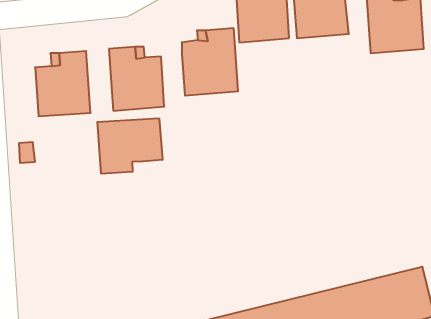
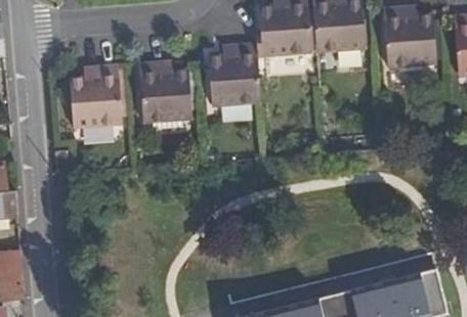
building: [97,118,162,174] -> none

